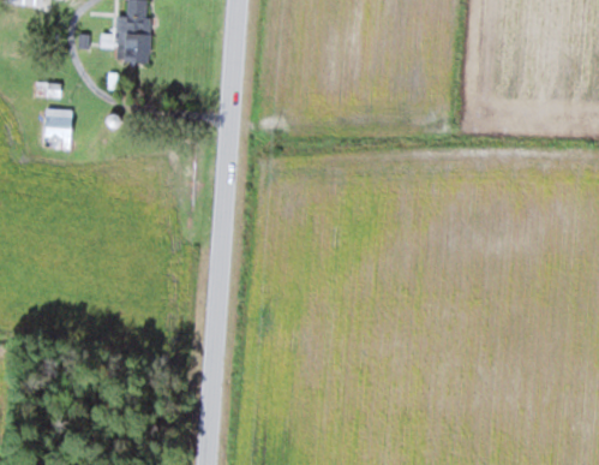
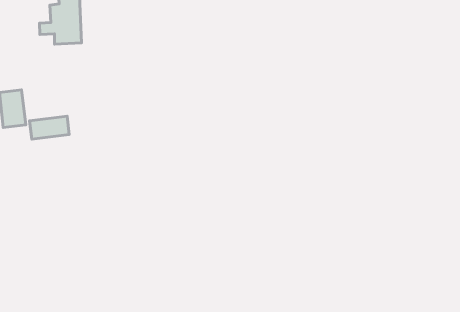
building: none -> [30,116,69,139]

